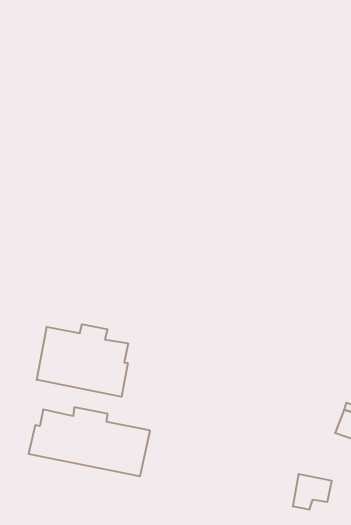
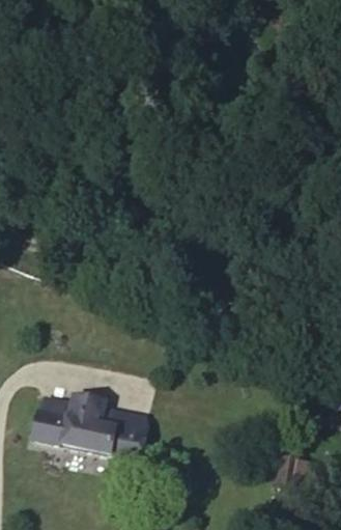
building: [37,324,128,397] -> none

